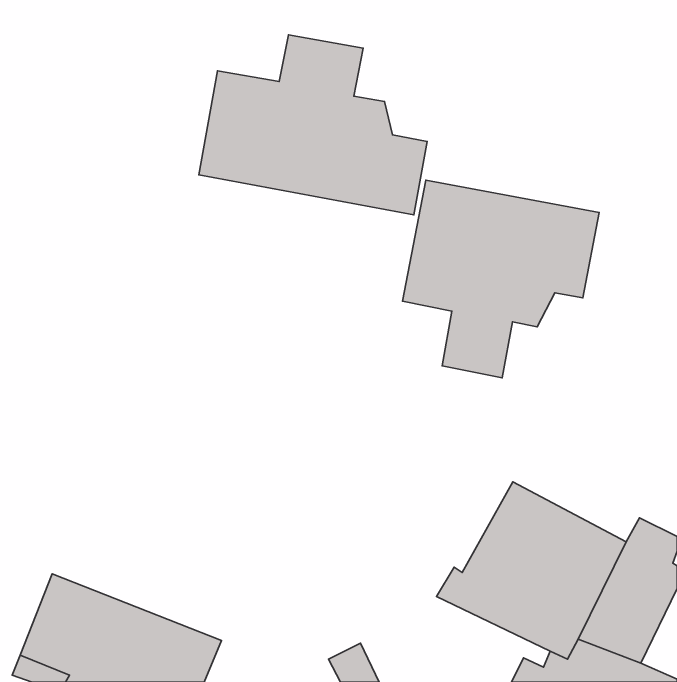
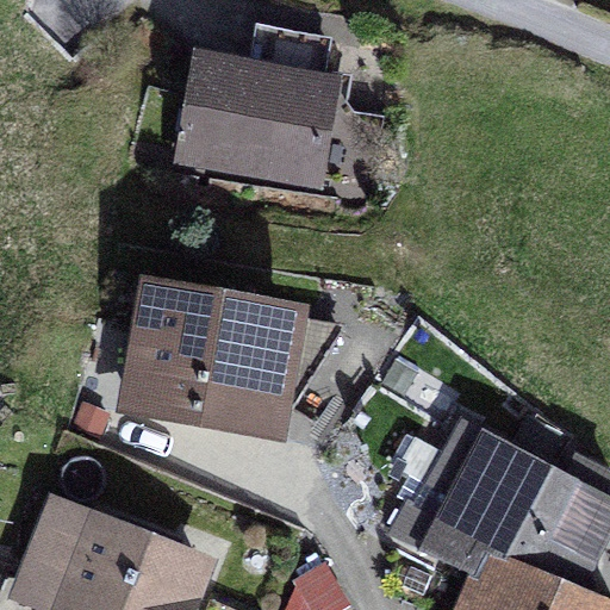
building: [403,180,599,378] -> none
building: none -> [126,297,291,434]

